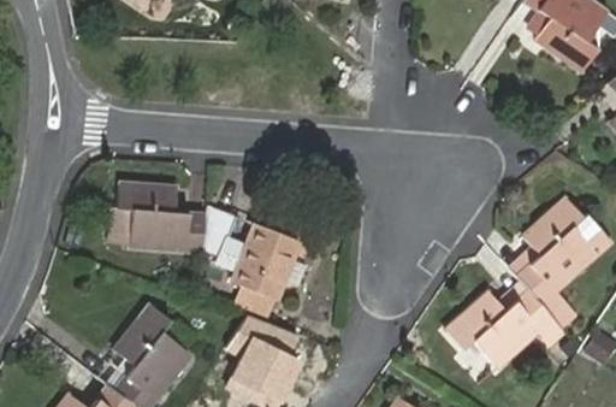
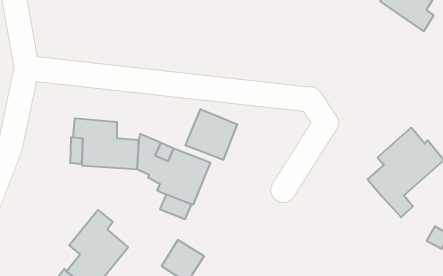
building: none -> [186,109,237,160]
building: [446,288,565,367] -> none

